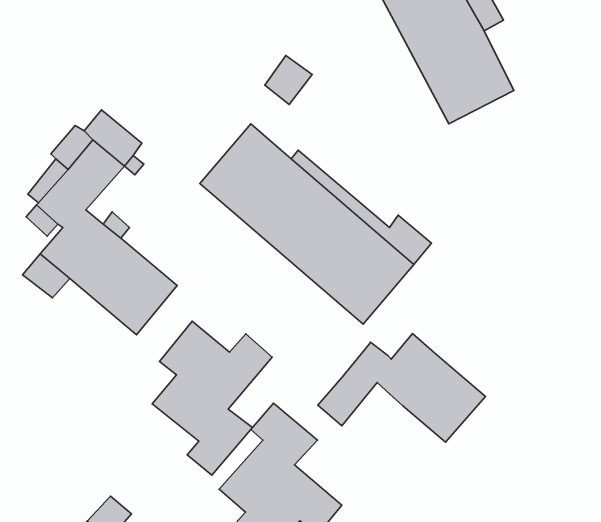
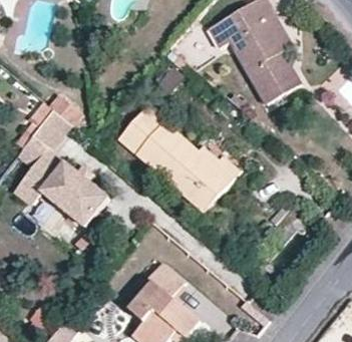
building: [152,321,272,475] -> none
building: [318,334,485,442] -> none

